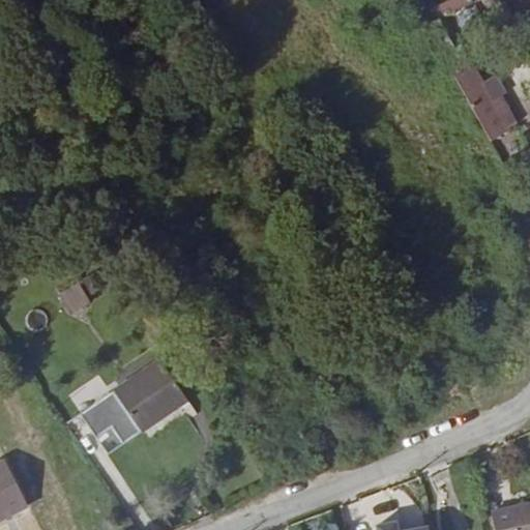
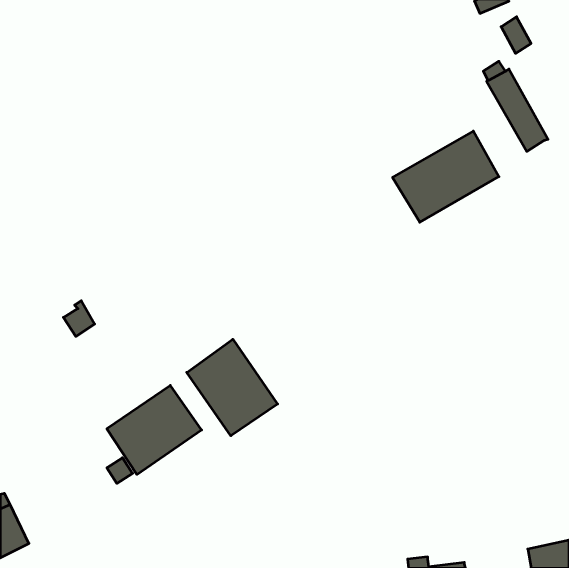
building: none -> [393,131,499,222]
building: none -> [187,339,278,436]

